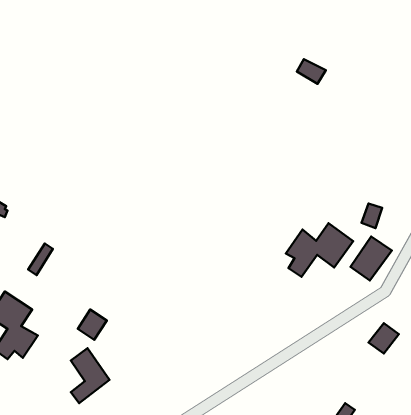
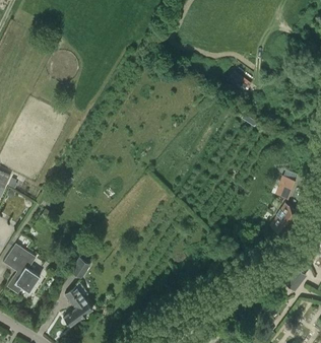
building: [286,223,353,277] -> none

